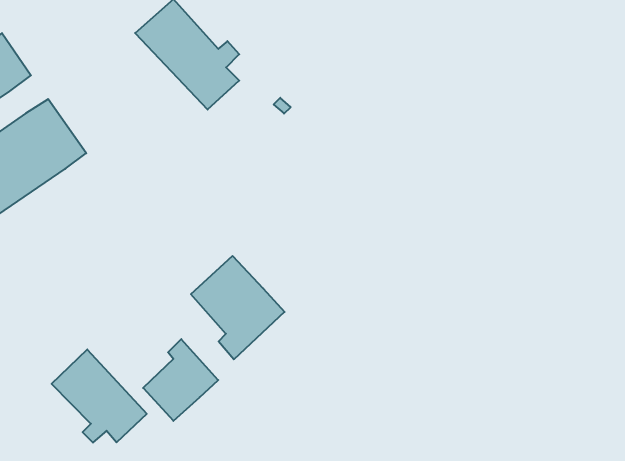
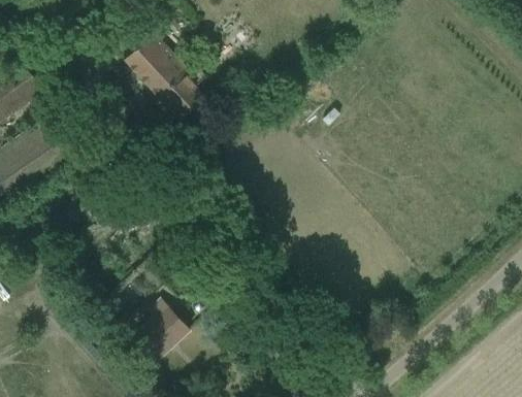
building: [191,256,285,359] -> none
building: [52,349,147,443] -> none

